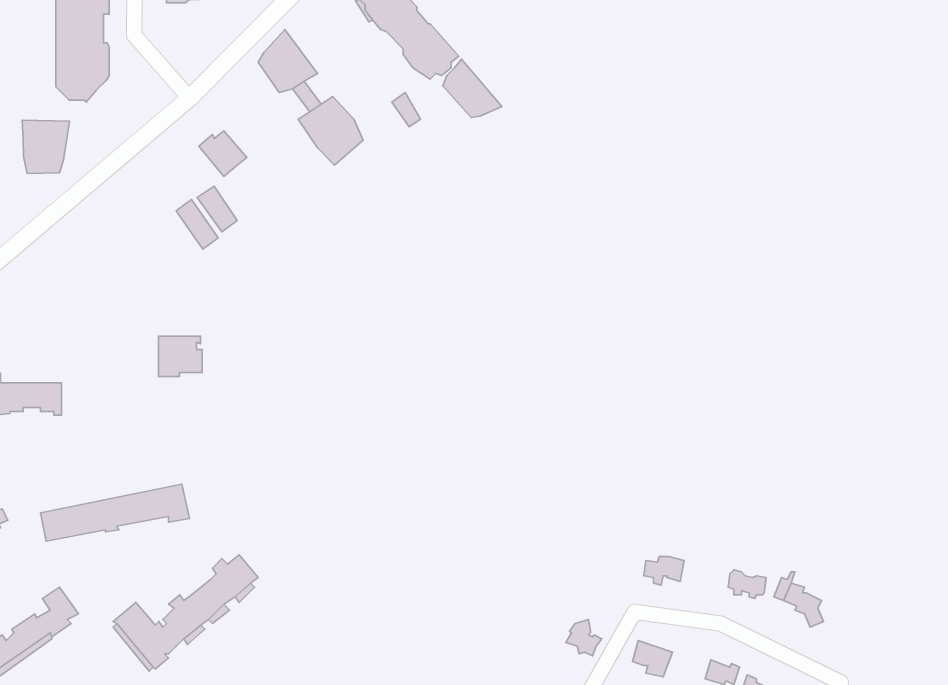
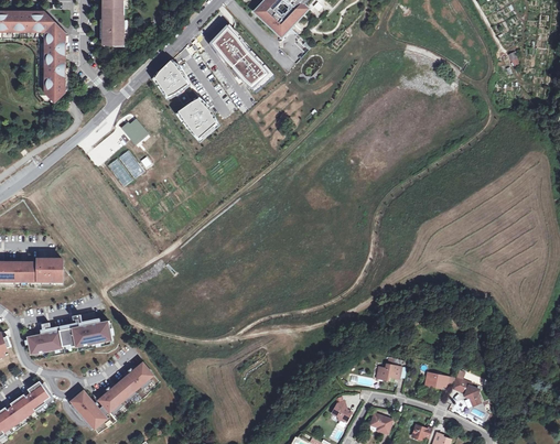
building: [443,59,502,118] -> none
building: [22,120,70,174] -> none
building: [158,336,202,376] -> [41,259,66,282]

